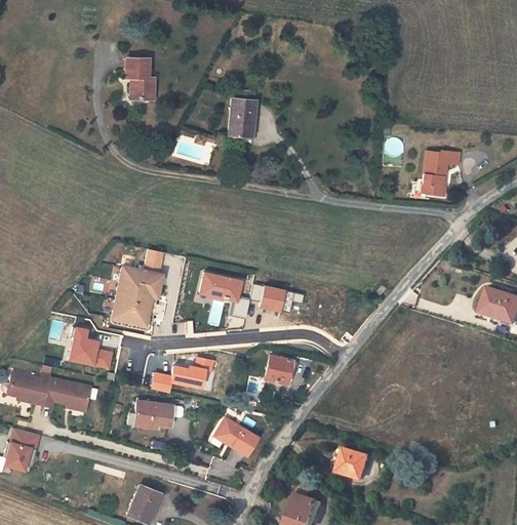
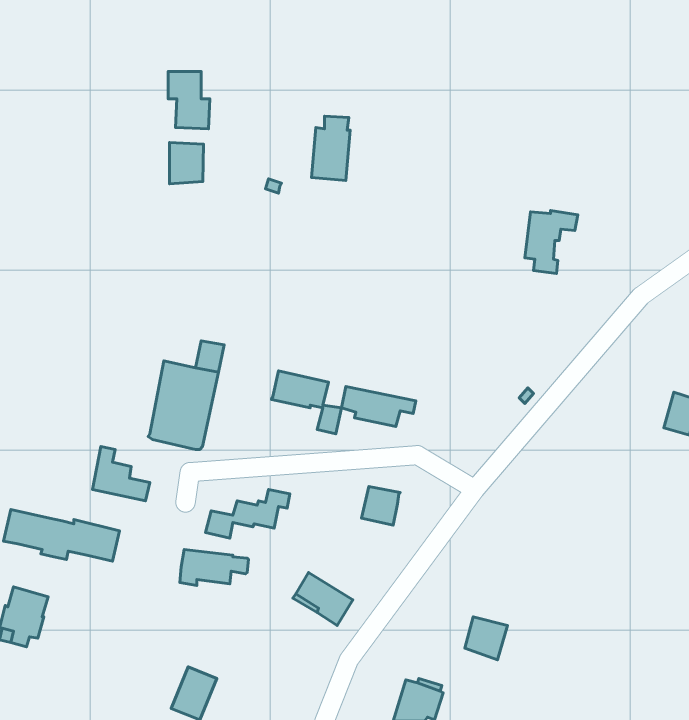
building: none -> [170,143,203,184]
building: [423,151,461,196] -> [525,211,578,274]

